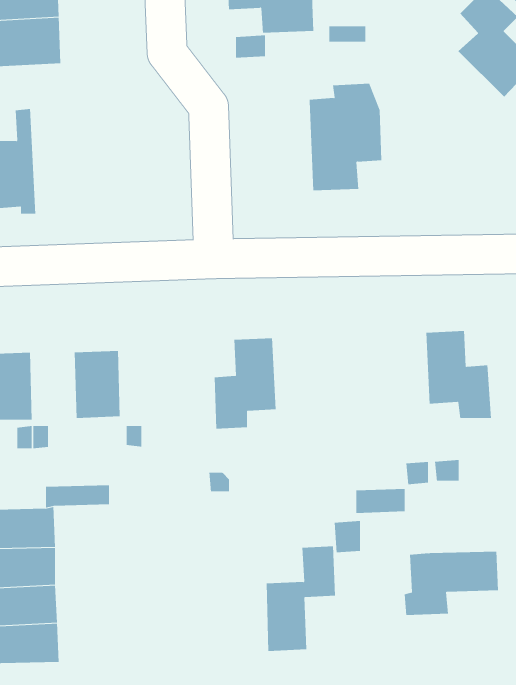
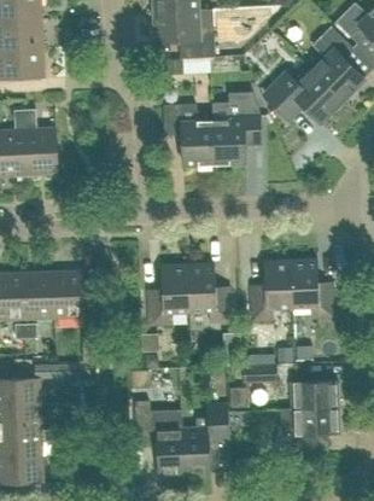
building: none -> [264,70,343,123]
building: none -> [163,104,214,165]
building: none -> [24,109,58,180]
building: none -> [250,260,292,321]
building: none -> [187,263,230,322]
building: none -> [24,273,54,319]
building: none -> [291,380,338,408]
building: none -> [135,401,183,476]

